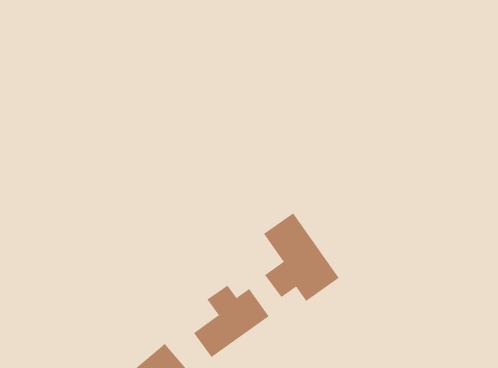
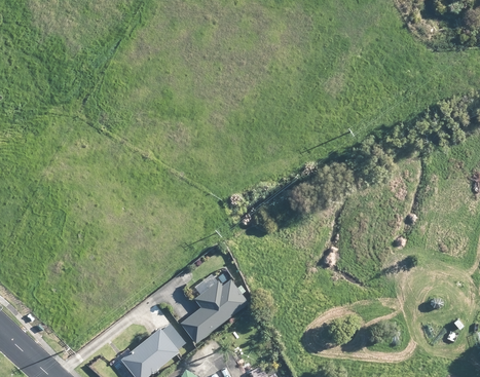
building: [263,213,340,302] -> none

